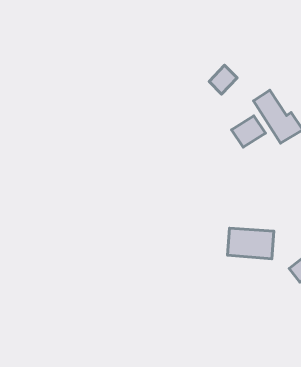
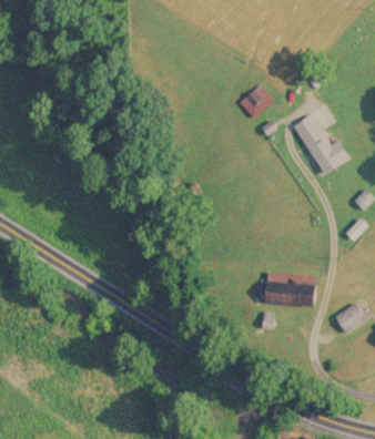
building: [231,116,266,147] -> none

